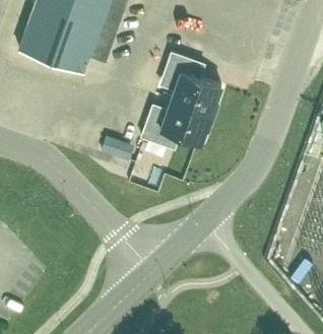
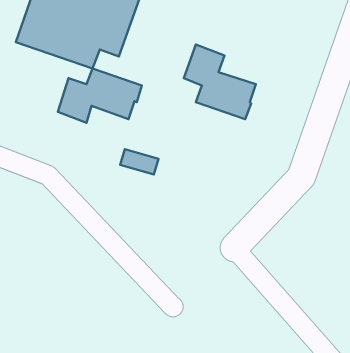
building: [141,99,212,145] -> [58,69,142,123]

